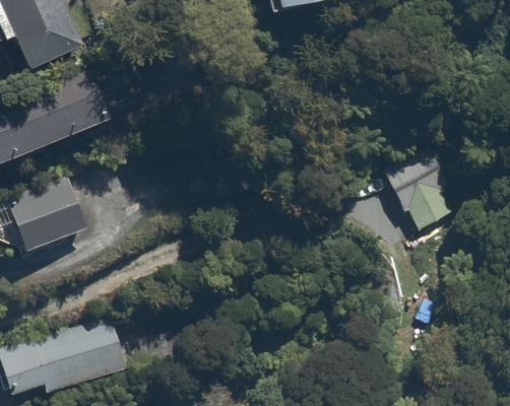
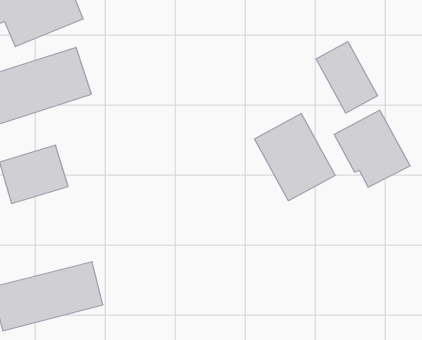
building: none -> [316,42,378,113]
building: none -> [255,113,335,201]

